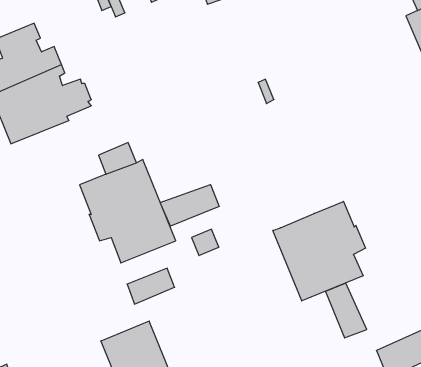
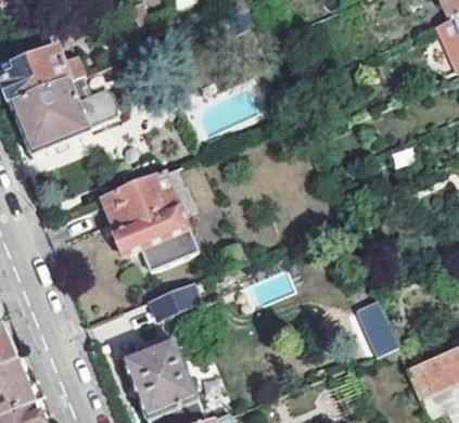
building: [160,185,219,226] -> none
building: [273,201,365,301] -> none

